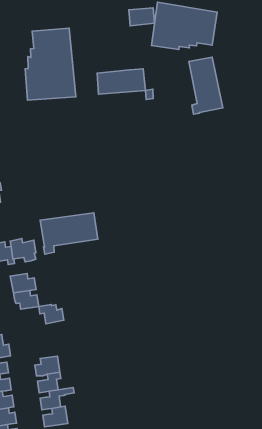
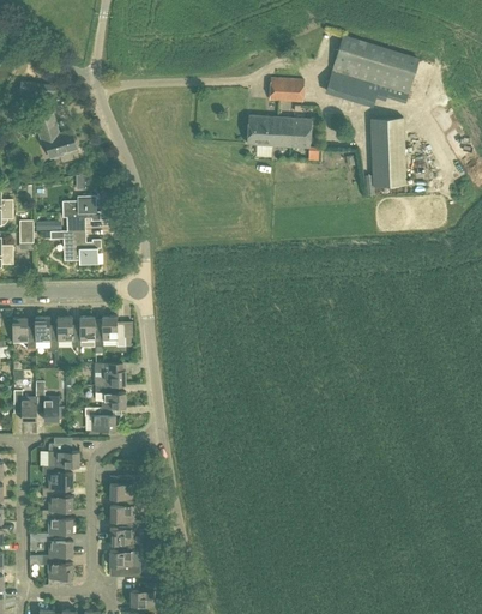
building: [129,8,155,26] -> [270,78,303,101]
building: [25,28,76,100] -> none
building: [40,213,98,254] -> none
building: [39,305,64,324] -> [85,407,115,431]

